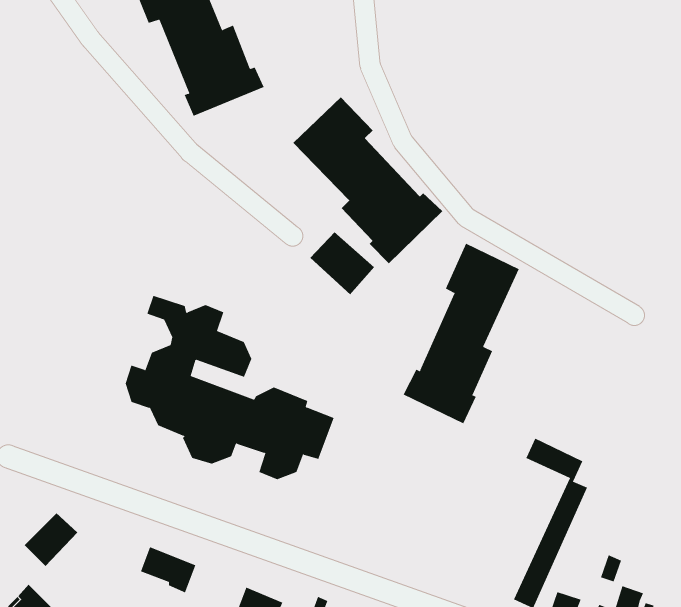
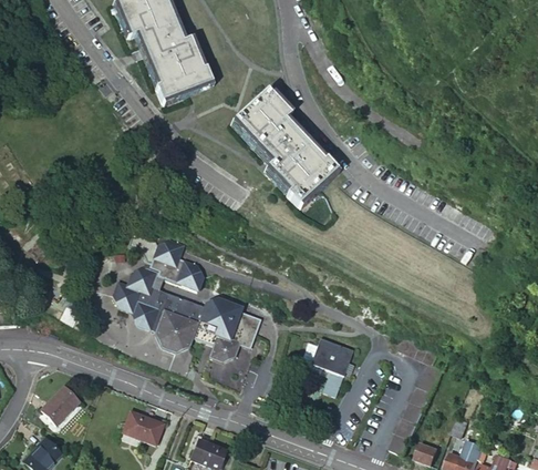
building: [310,231,375,295] -> none
building: [403,243,520,424] -> none
building: none -> [300,336,355,395]

